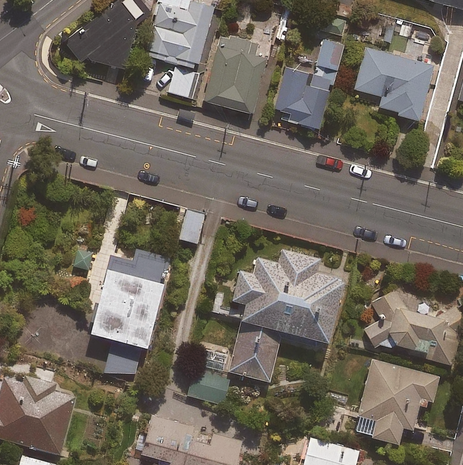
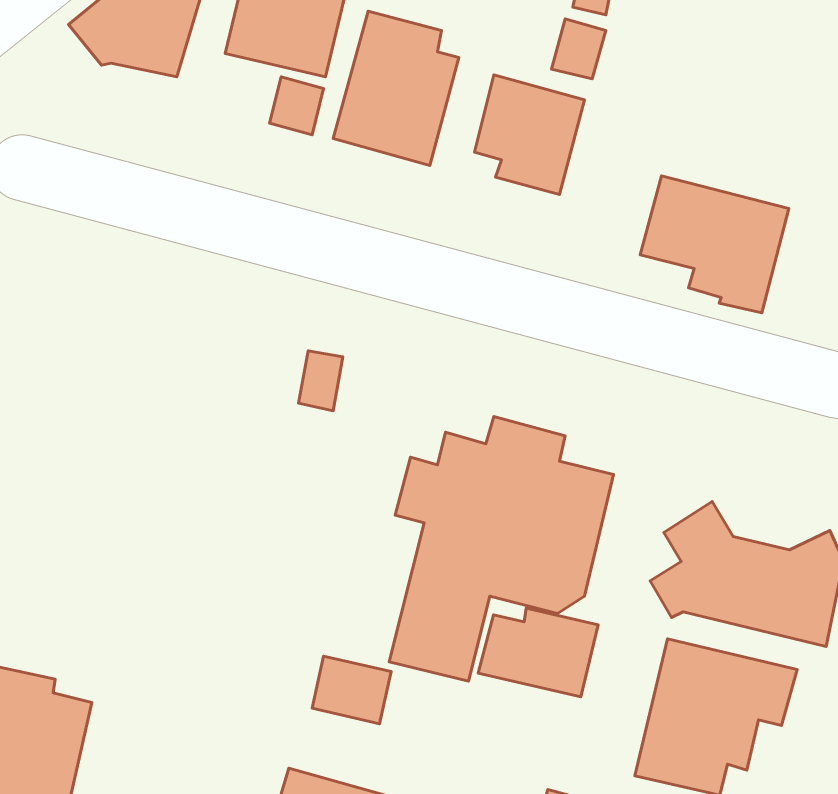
building: [352,49,429,120] -> [640,176,789,313]
building: [91,249,170,379] -> none
building: none -> [478,608,598,697]

